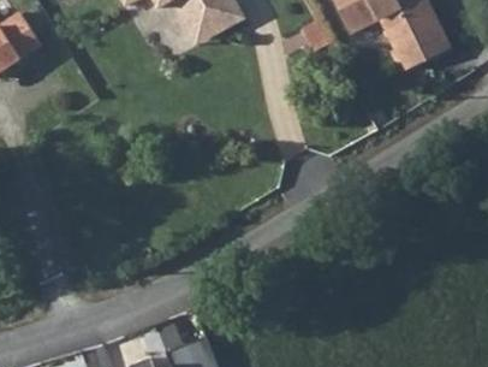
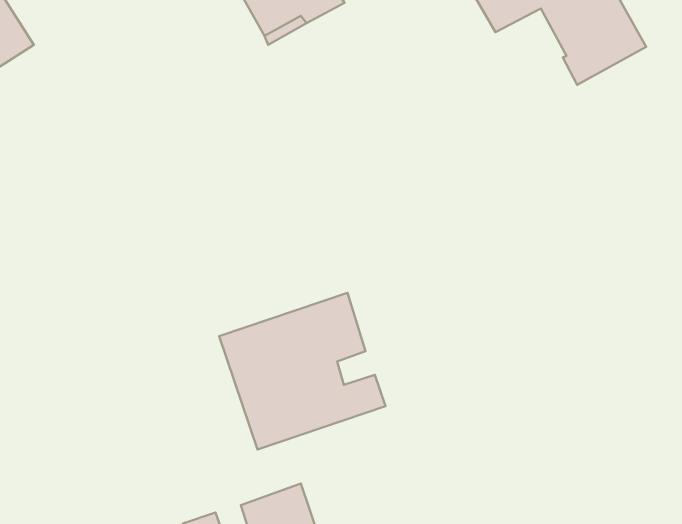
building: none -> [219,293,386,449]

